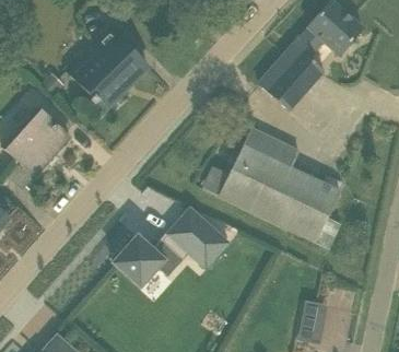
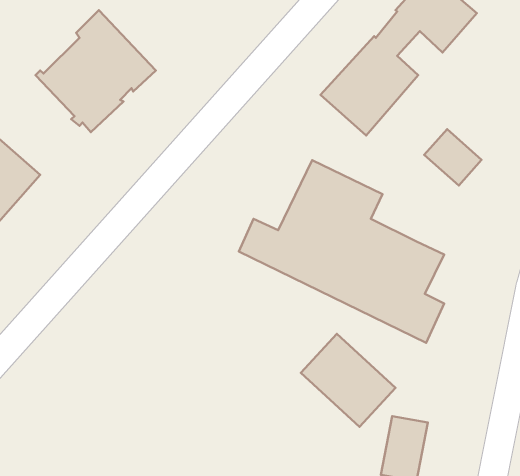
building: none -> [424,129,482,185]
building: [165,206,228,268] -> [301,334,395,427]
building: [110,234,183,286] -> none

